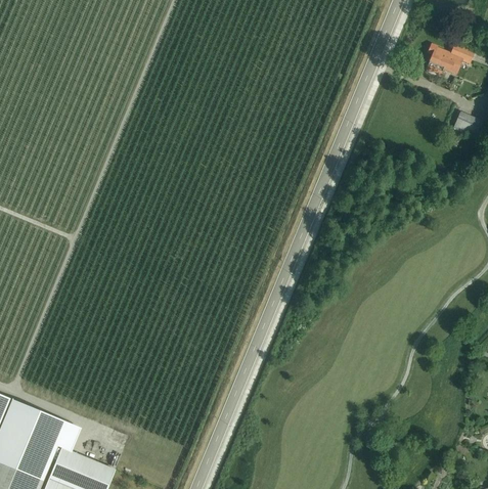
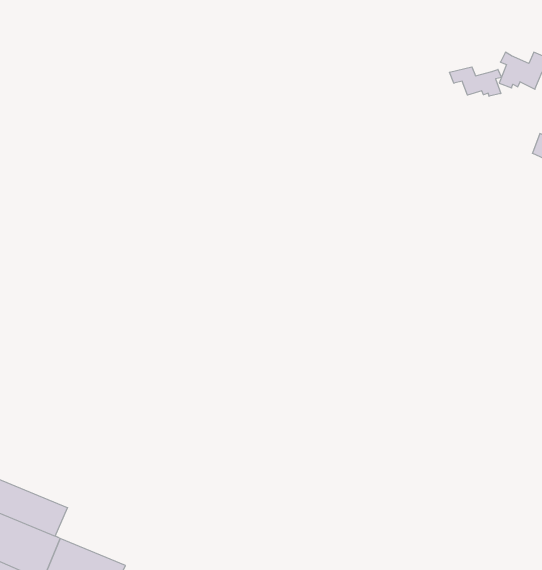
building: none -> [449,67,502,96]

